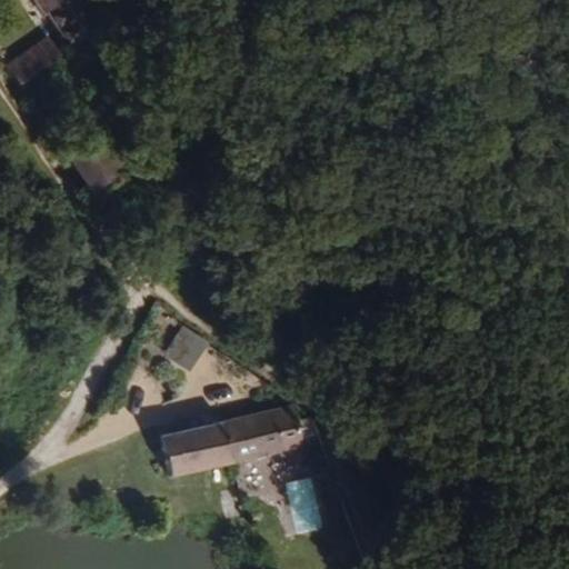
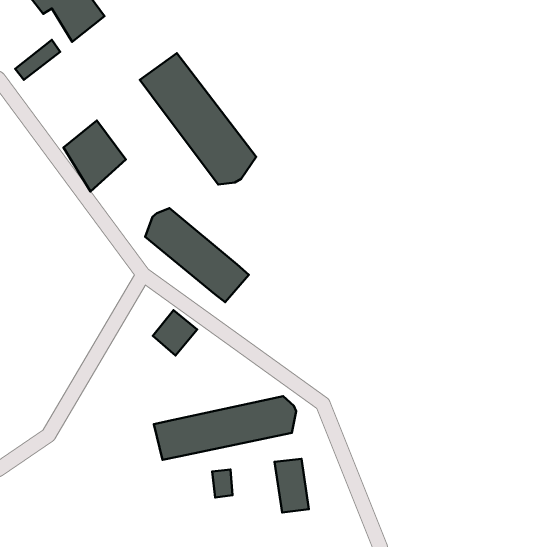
building: none -> [140,53,256,185]
building: none -> [145,208,249,302]

